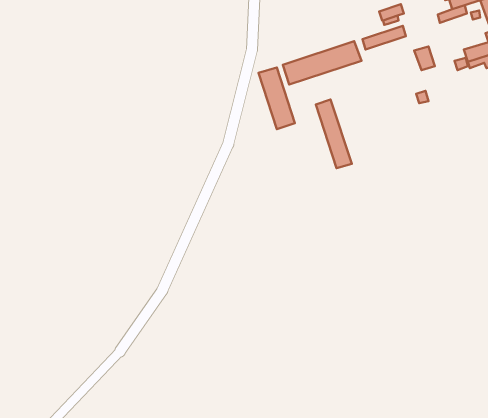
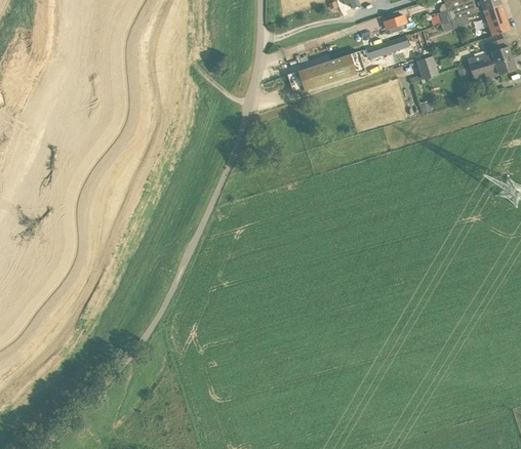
building: [258,67,295,129] -> none
building: [316,99,352,168] -> none

